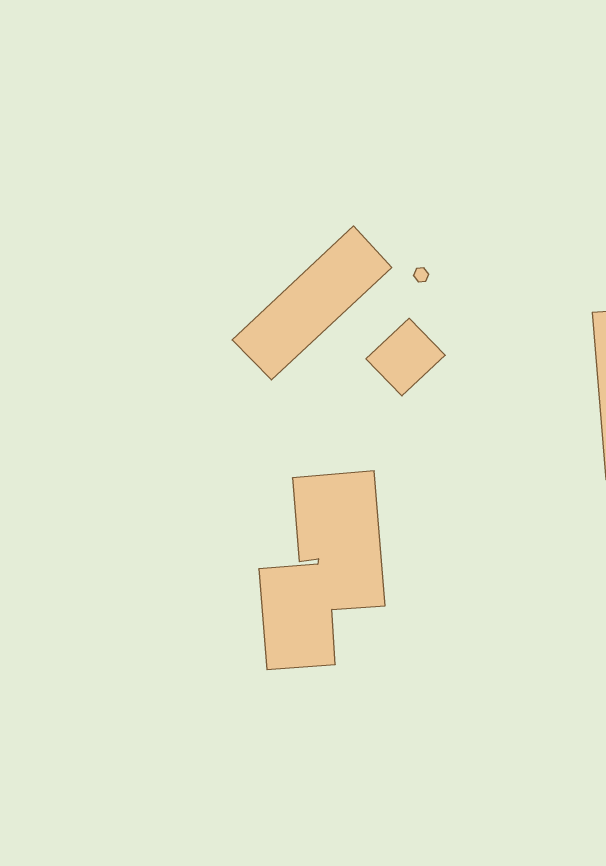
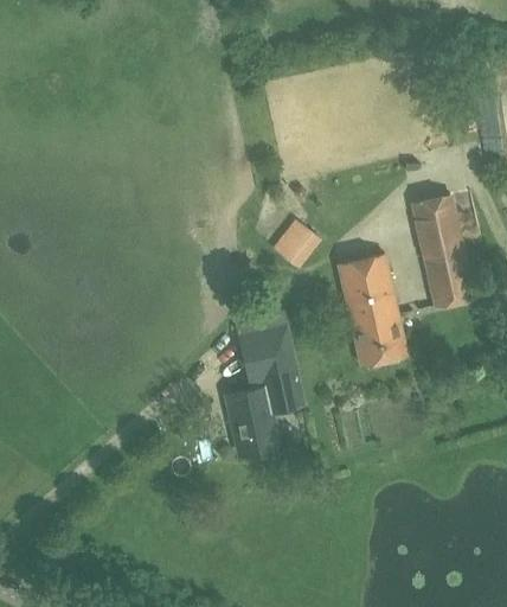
building: [232,226,392,380] -> none
building: none -> [338,254,407,364]

